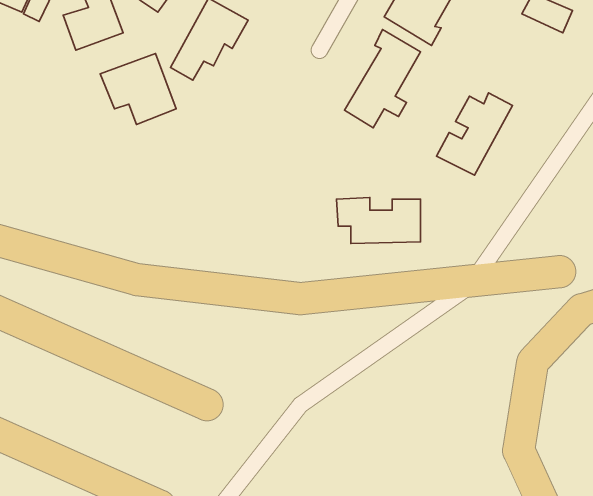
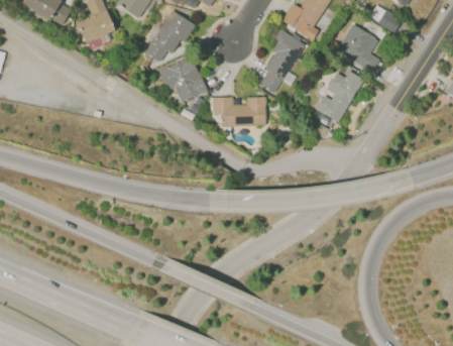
building: none -> [335,23,380,72]
building: [100,53,176,125] -> [157,55,206,101]
building: [337,198,420,243] -> [212,96,265,125]

